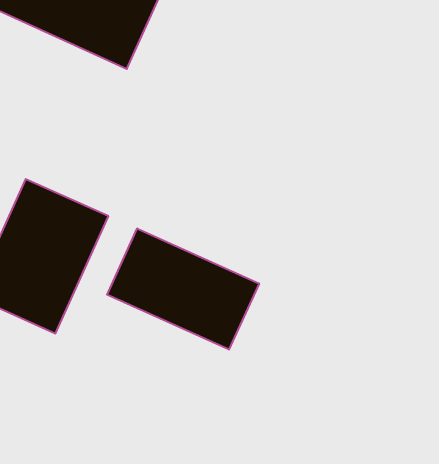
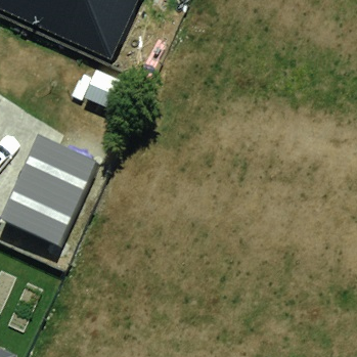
building: [107,228,259,350] -> none

